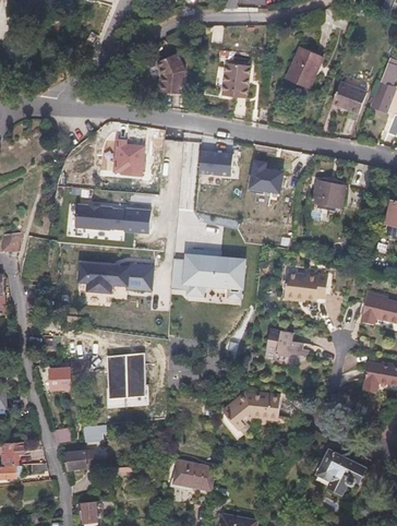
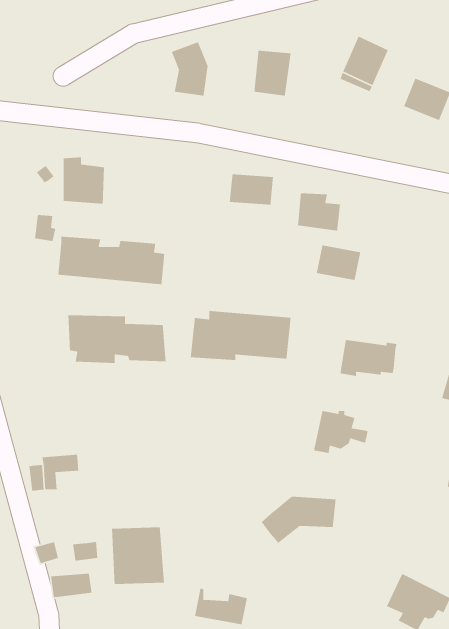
building: [113,140,145,176] -> [63,157,105,204]
building: [311,181,345,208] -> [316,244,361,281]
building: [106,355,146,398] -> [111,527,165,585]

